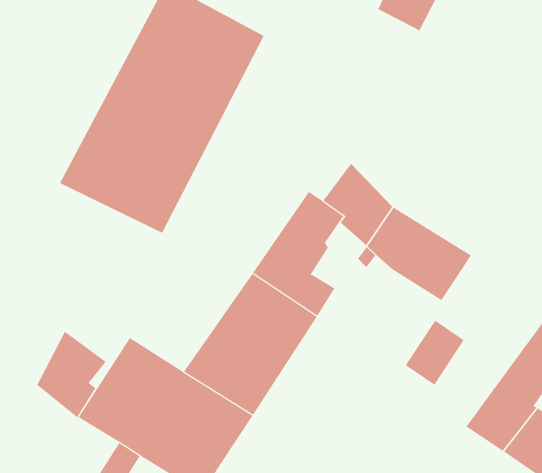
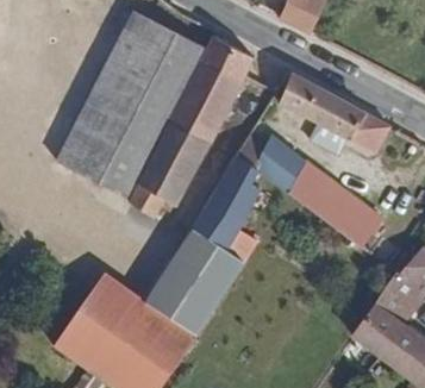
building: none -> [121,30,248,209]
building: none -> [281,76,393,162]
building: [405,320,465,386] -> [336,207,381,257]
building: [37,331,106,418] -> none

